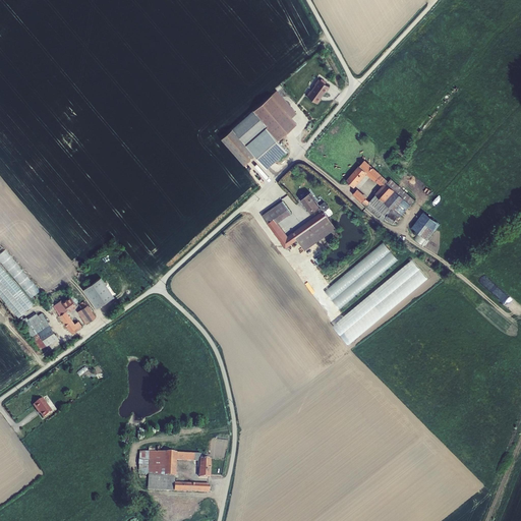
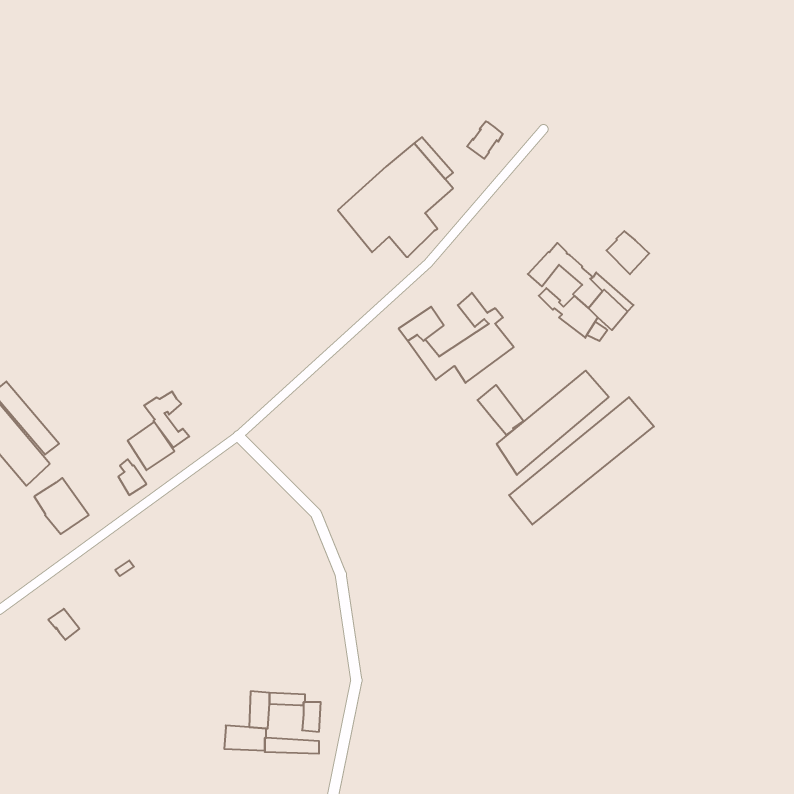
building: none -> [606,231,649,274]
building: [411,213,440,240] -> none
building: none -> [477,385,523,435]
building: [52,297,81,334] -> [144,391,189,447]
building: [136,452,164,476] -> none

